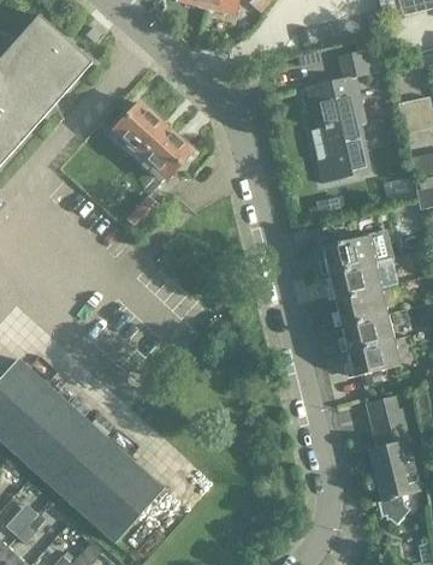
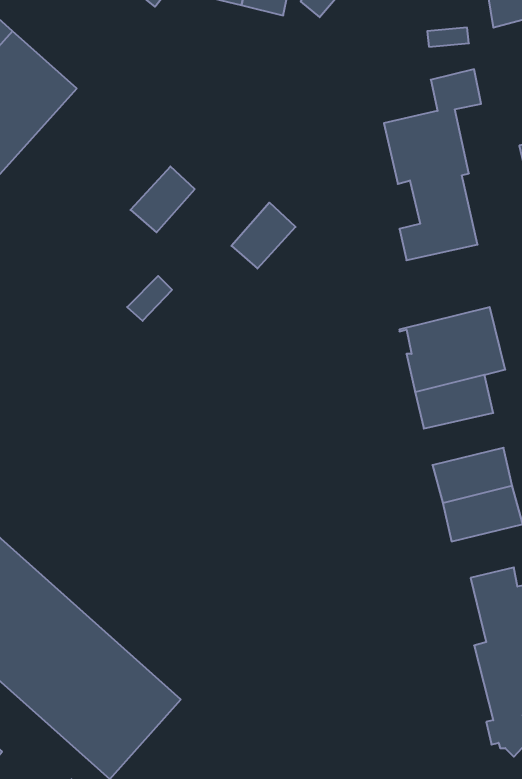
building: [112,101,156,147] -> none
building: [147,132,191,178] -> [231,203,296,269]
building: [332,287,387,323] -> none

